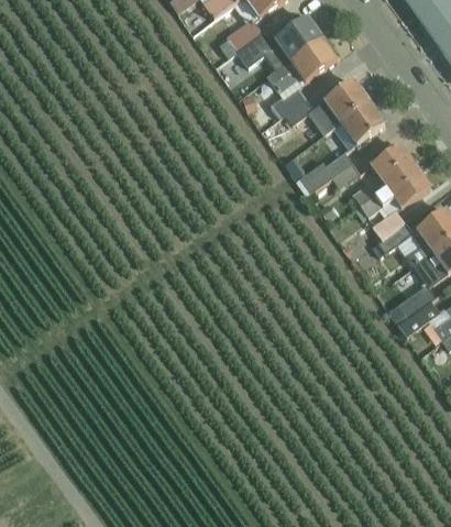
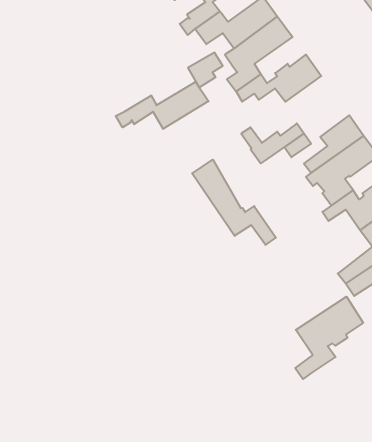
building: [332,100,386,149] -> none
building: none -> [116,82,209,129]
building: none -> [192,160,276,245]
building: none -> [295,297,363,379]

